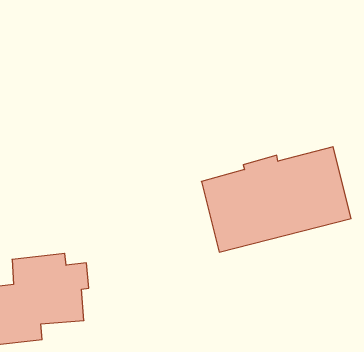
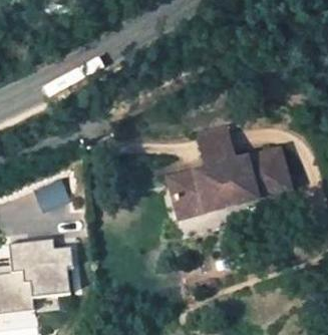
building: none -> [198,126,233,163]

